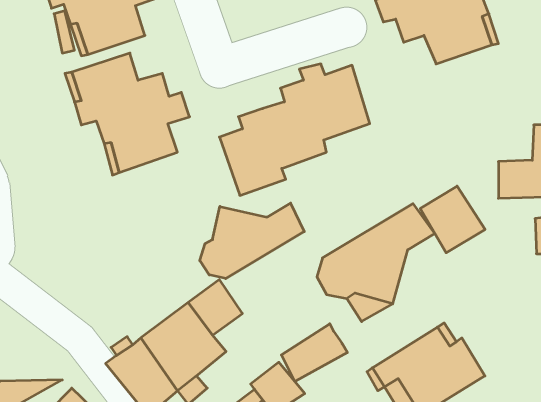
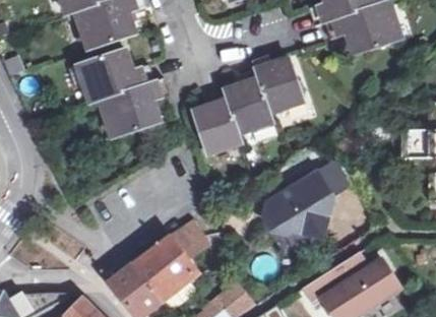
building: [420,186,485,253] -> none
building: [200,203,304,279] -> none
building: [281,324,347,381] -> none

